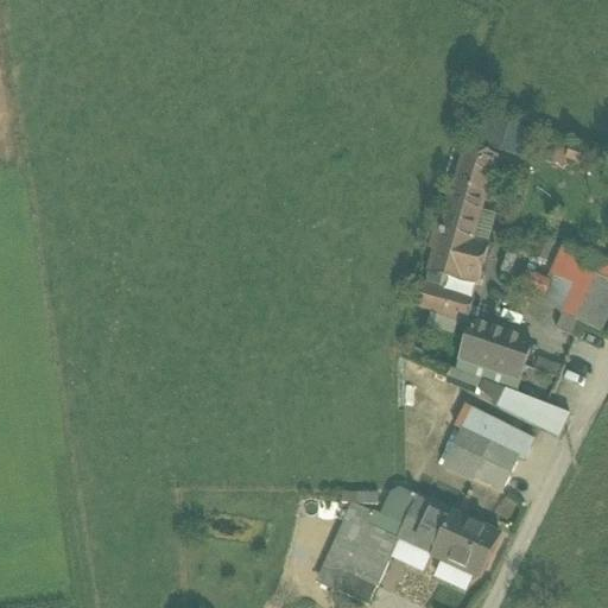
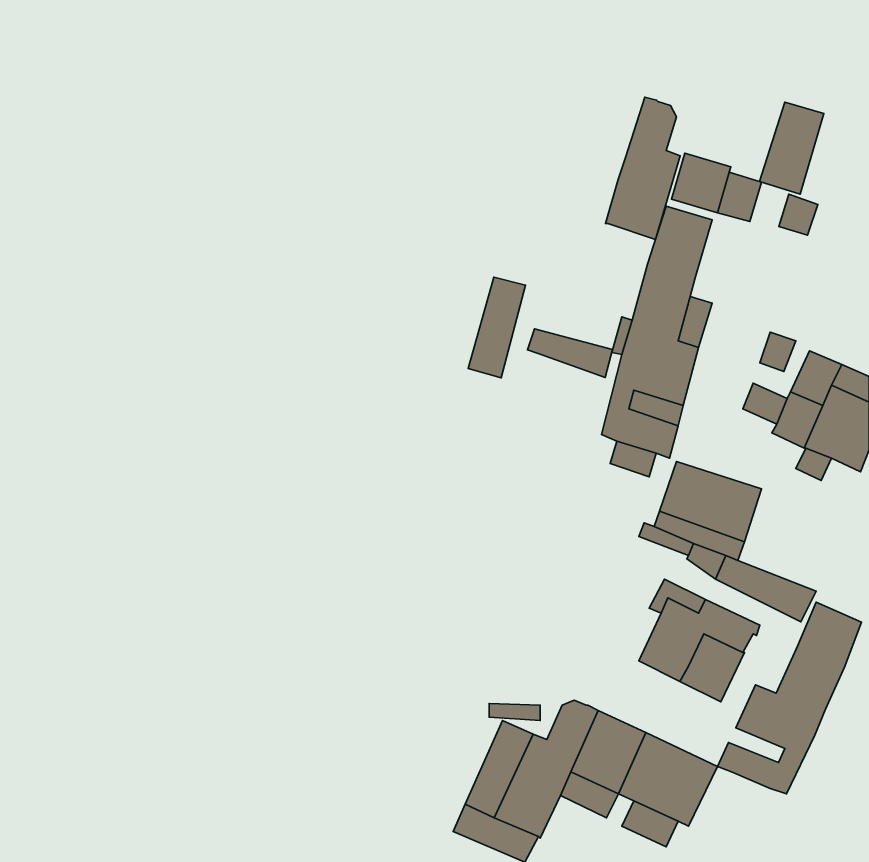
building: none -> [605,97,680,239]
building: none -> [760,102,824,194]
building: none -> [468,277,525,378]
building: none -> [528,329,613,378]
building: none -> [717,602,861,794]

